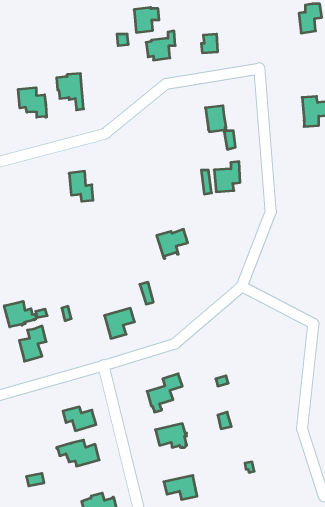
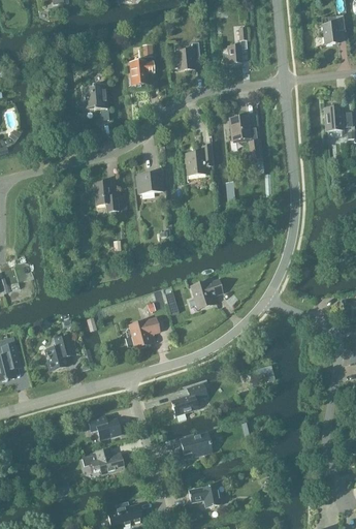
building: [134,7,159,32] -> [129,60,154,85]
building: [18,88,47,117] -> none
building: [214,162,240,192] -> [186,145,212,175]
building: none -> [137,173,162,193]
building: [157,229,188,258] -> [191,279,222,308]
building: [4,301,37,327] -> none

